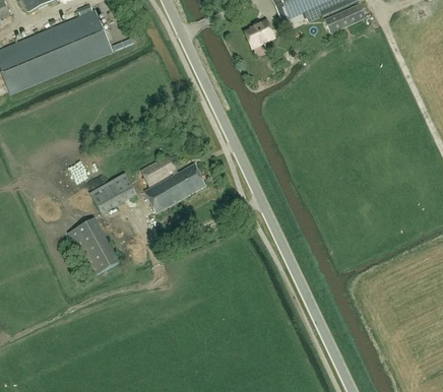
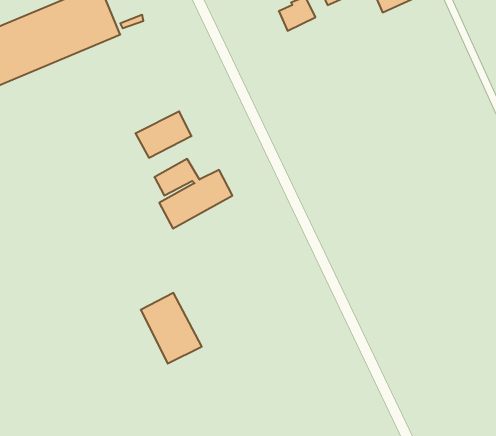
building: [89,176,136,214] -> [135,111,192,158]
building: [69,221,120,280] -> [141,293,202,364]

